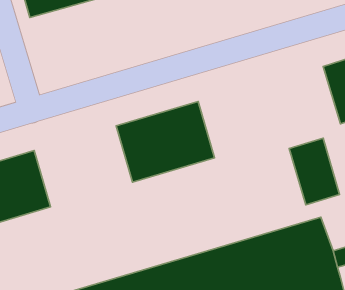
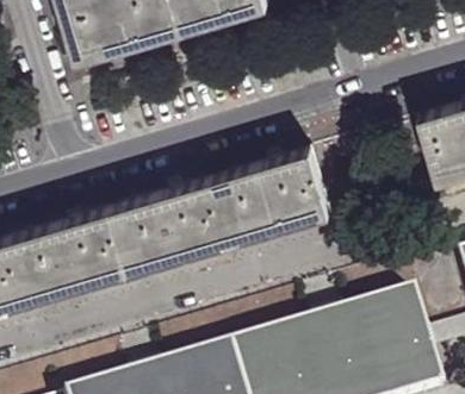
building: none -> [79,183,193,277]
building: [289,138,340,205] -> [269,143,328,220]

